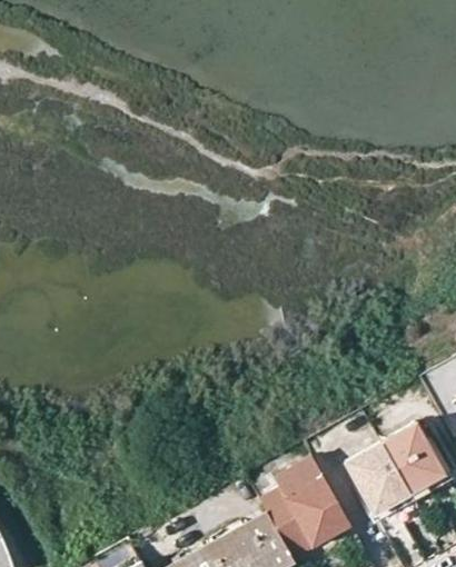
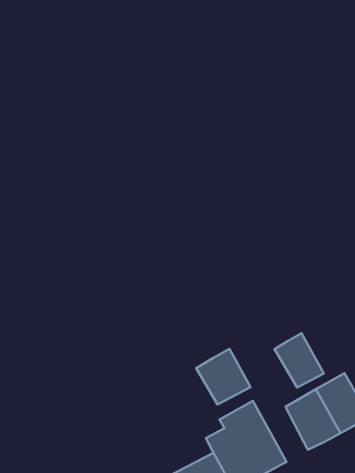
building: none -> [274,333,324,388]
building: none -> [196,349,250,404]

